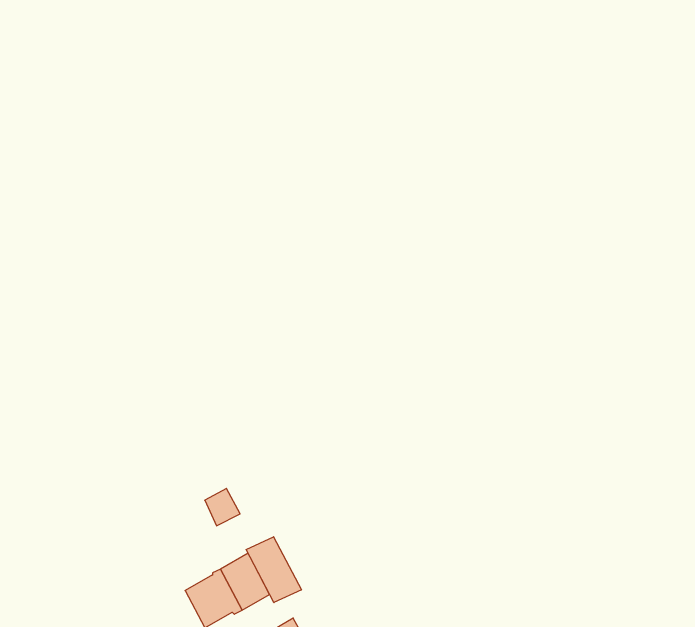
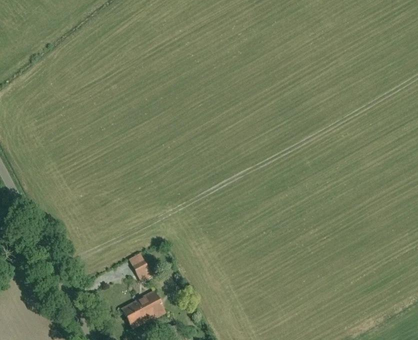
building: [246,537,301,603] -> none

